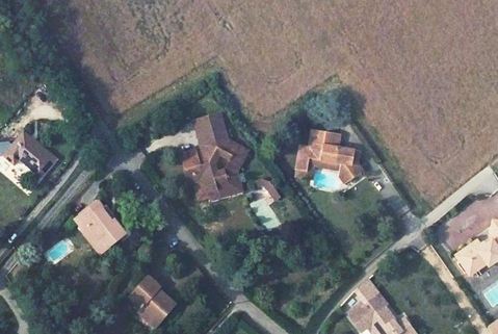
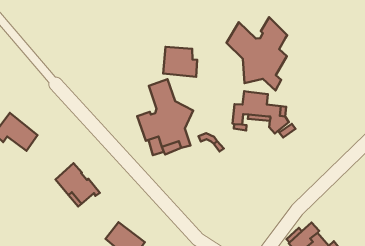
building: none -> [227,17,287,90]
building: none -> [163,47,197,77]

